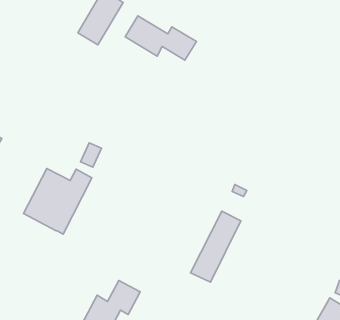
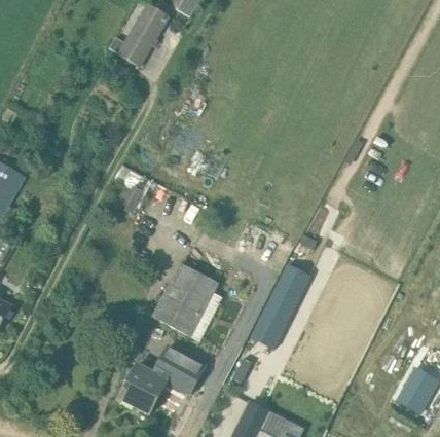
building: [125,16,196,60] -> none
building: [23,168,92,234] -> [152,263,233,341]

